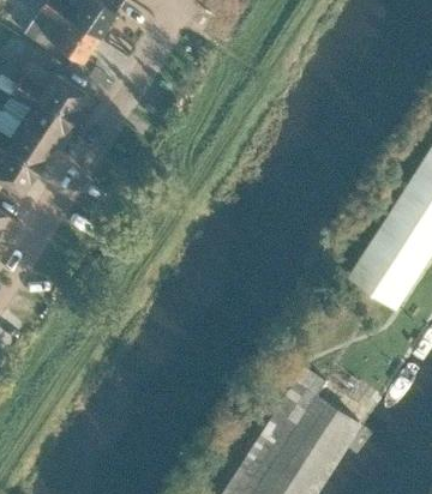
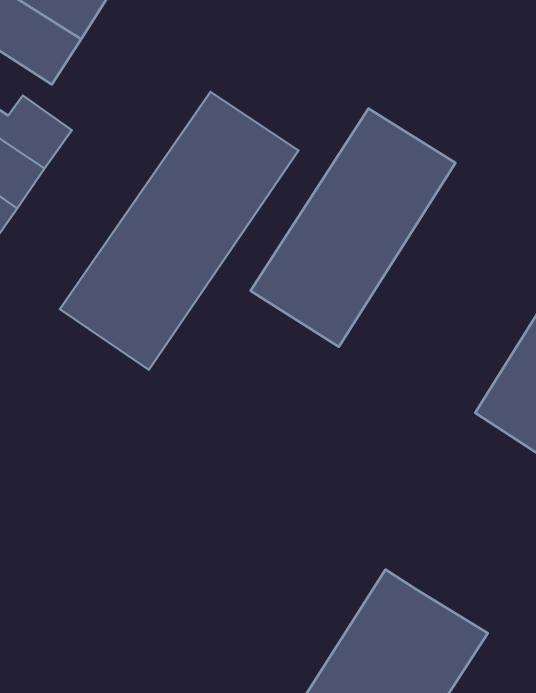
building: none -> [60,92,298,370]
building: none -> [251,108,456,347]

